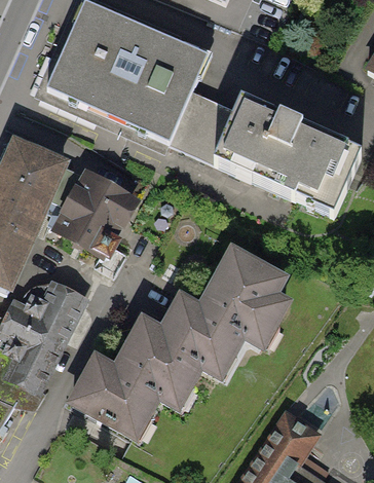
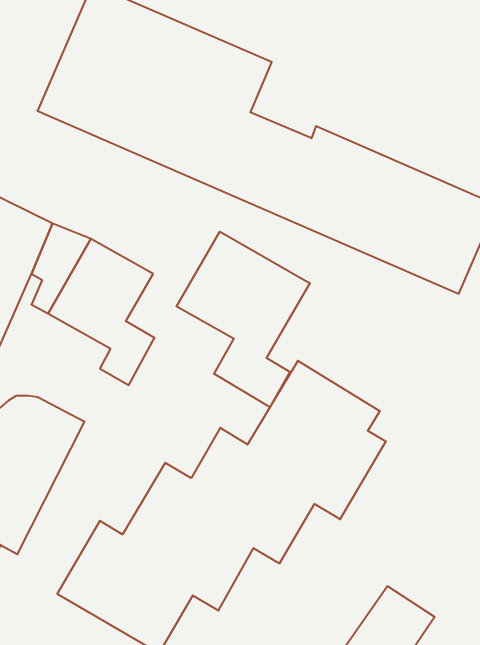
building: none -> [176,232,310,407]

